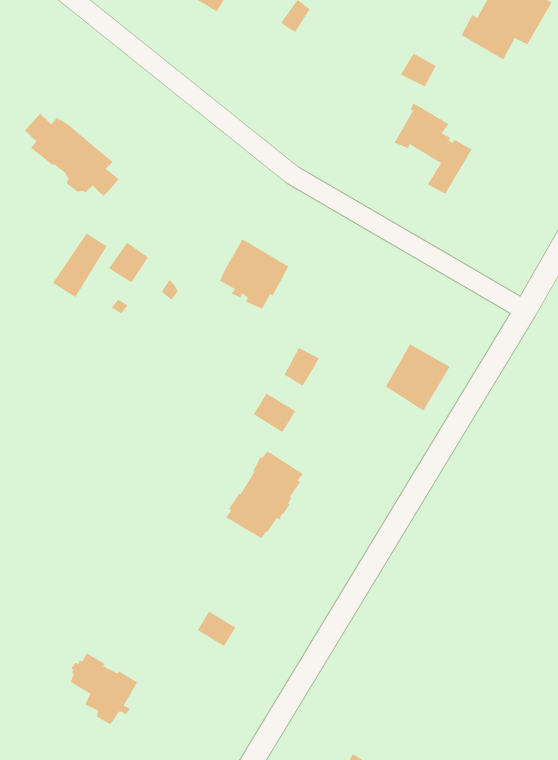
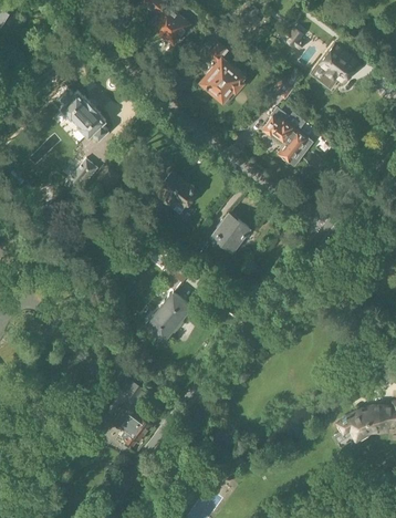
building: none -> [200,58,246,106]
building: [385,344,451,412] -> [211,215,249,253]
building: [70,652,138,725] -> [112,406,149,448]

